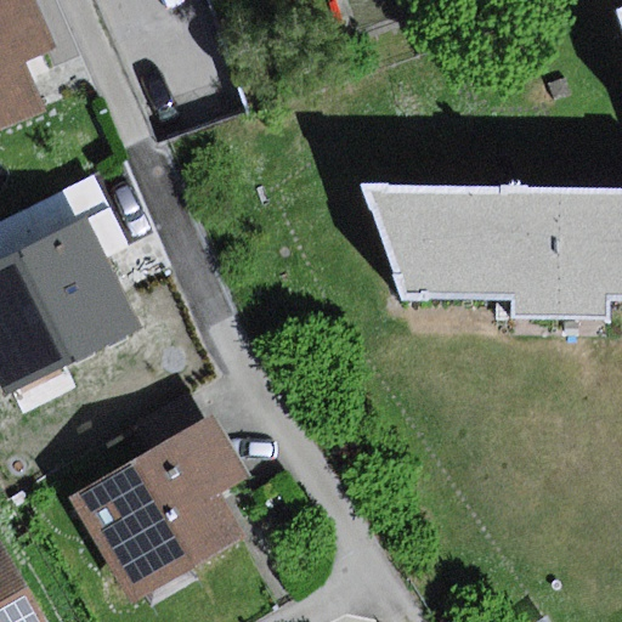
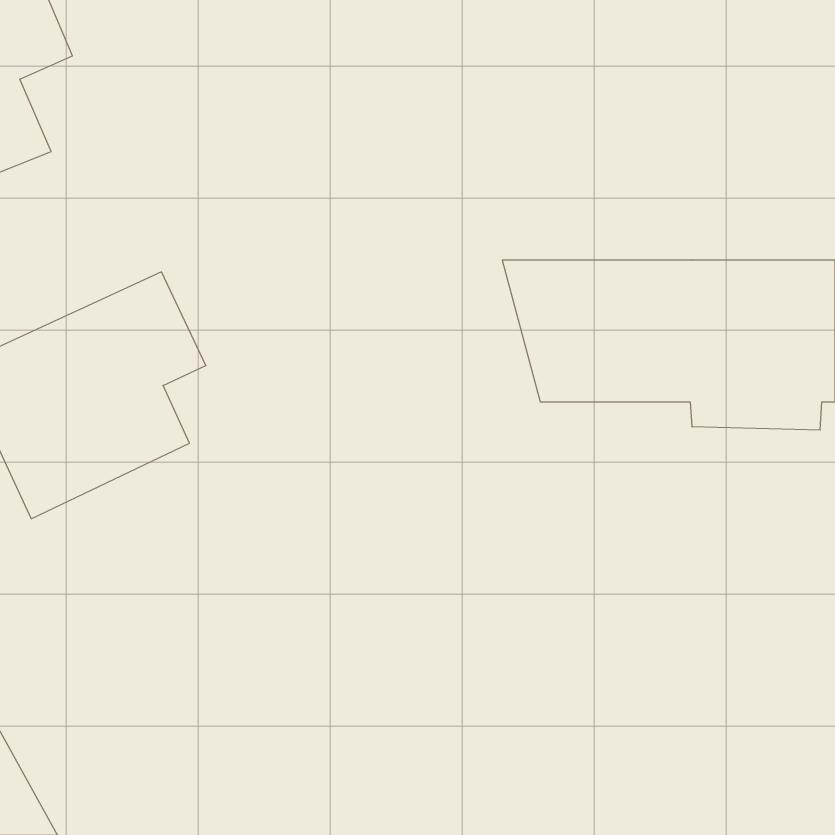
building: [73,413,247,598] -> none

